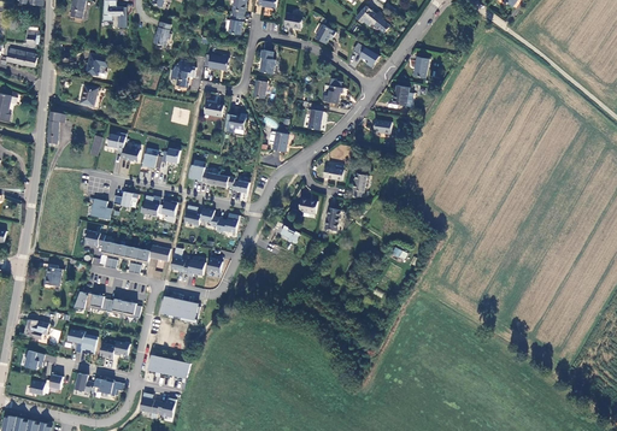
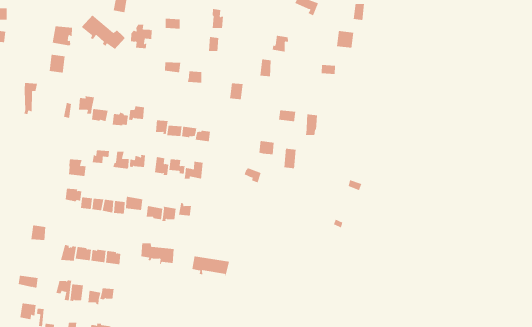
building: none -> [81,15,125,50]
building: [147,353,189,379] -> [192,256,230,278]

